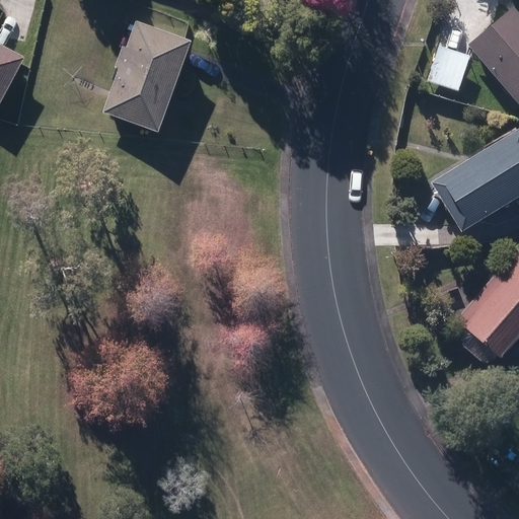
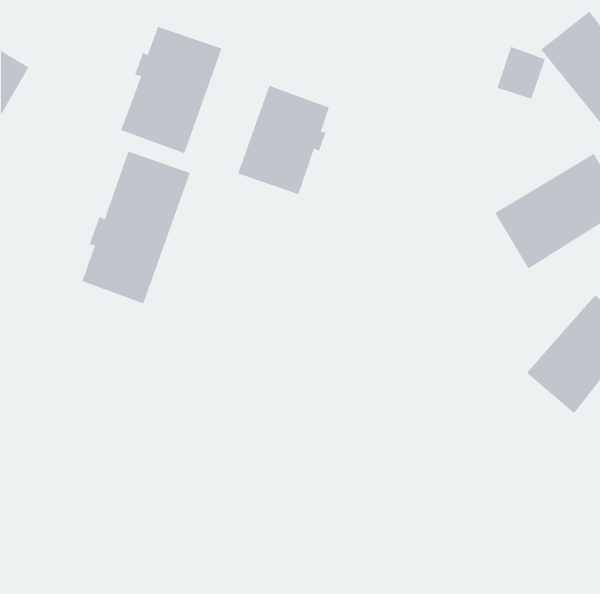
building: none -> [237,85,330,195]
building: none -> [82,151,191,304]

